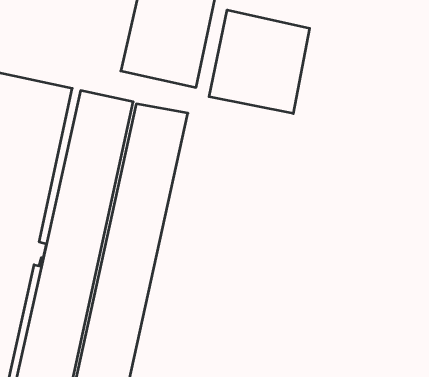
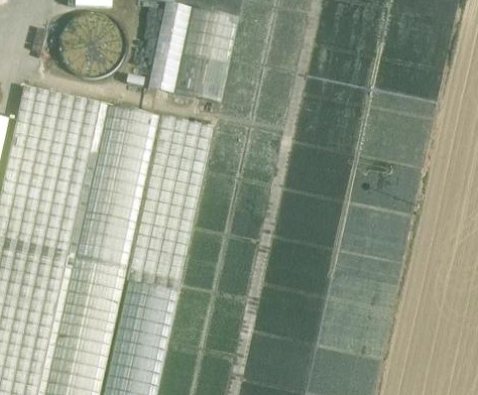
building: [209,10,310,114] -> none

